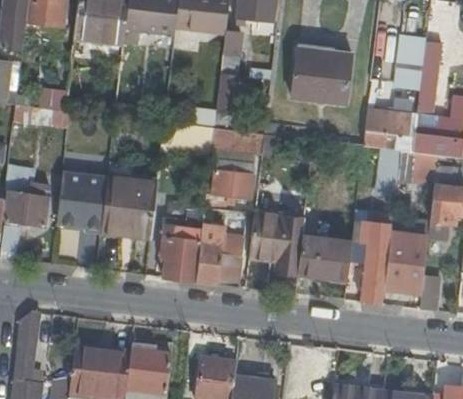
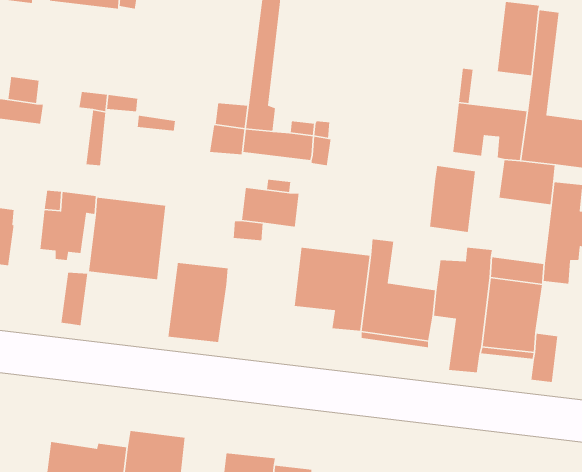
building: [291,45,351,102] -> none
building: none -> [429,165,476,233]
building: [195,235,244,286] -> none

